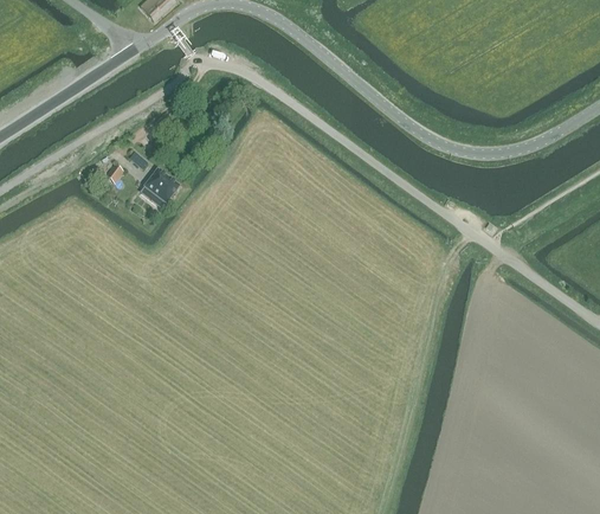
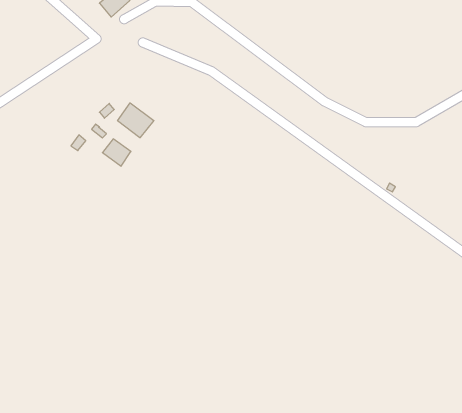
building: none -> [118,103,154,138]

